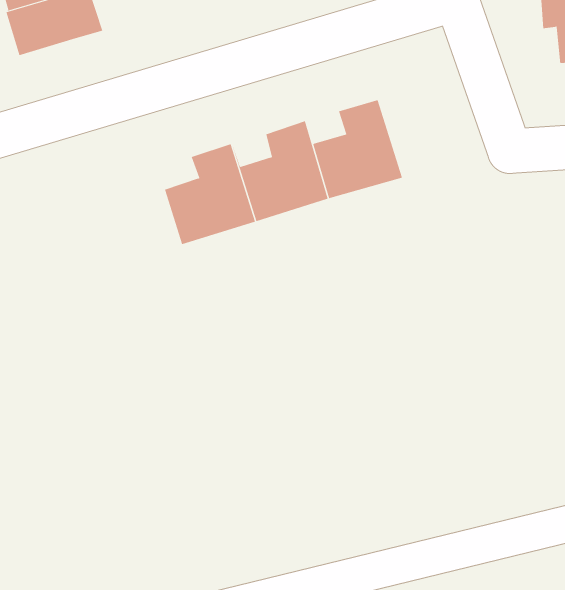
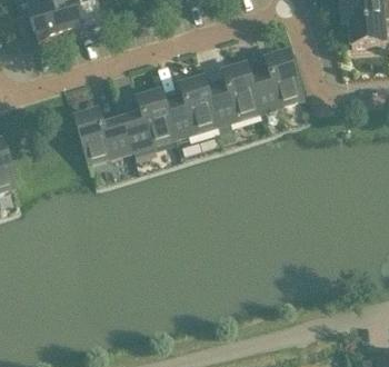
building: none -> [246,51,303,110]
building: none -> [74,109,131,162]

